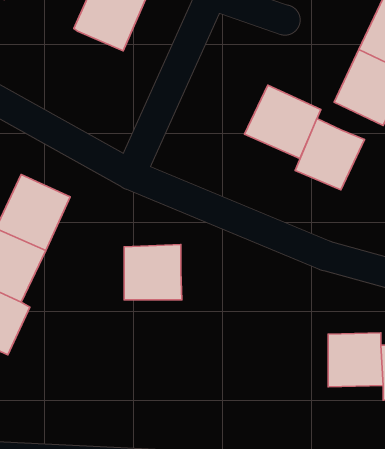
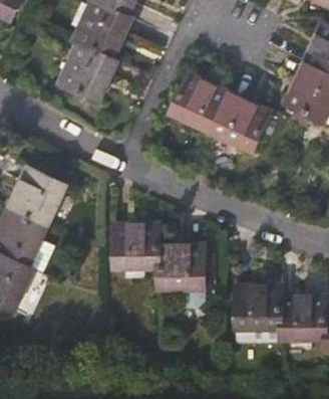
building: none -> [57,48,114,104]
building: none -> [169,73,229,133]
building: [295,118,364,190] -> none
building: none -> [157,245,207,289]
building: none -> [233,285,278,330]

